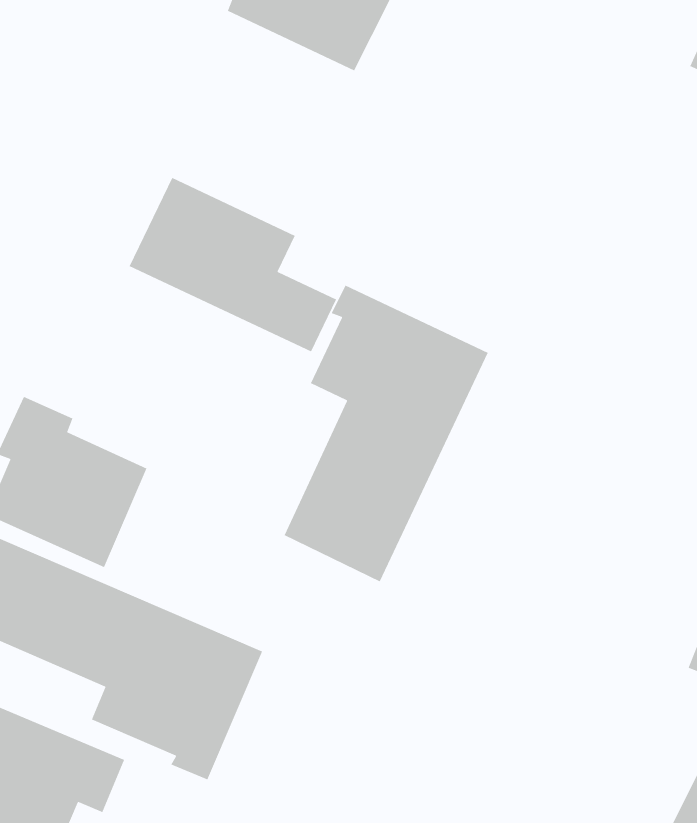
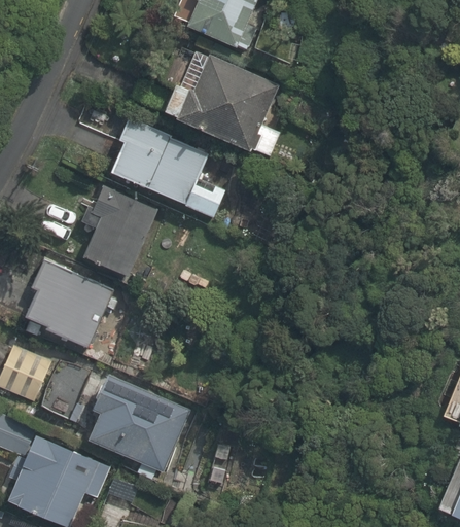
building: none -> [162,41,286,159]
building: [284,284,489,582] -> none
building: none -> [78,188,157,280]

